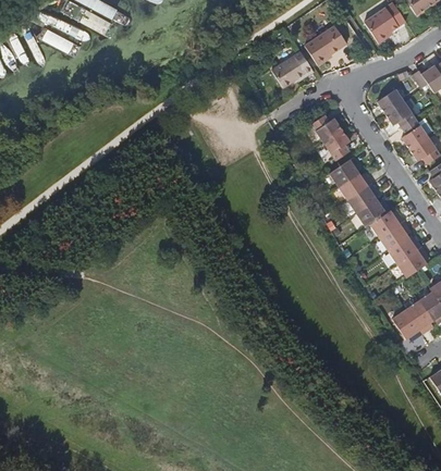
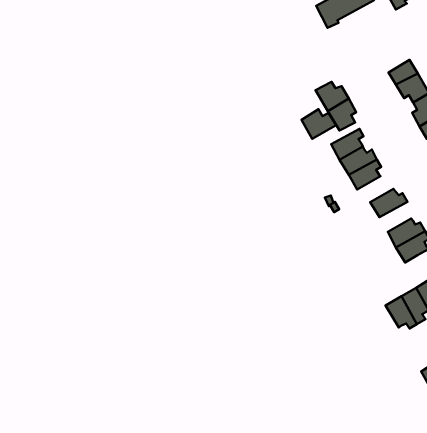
building: [271,51,313,88] -> none
building: none -> [301,109,336,139]
building: [356,199,390,226] -> none
building: [379,221,408,250] -> none

